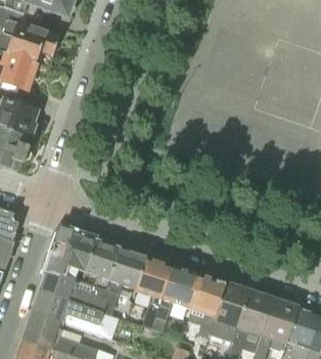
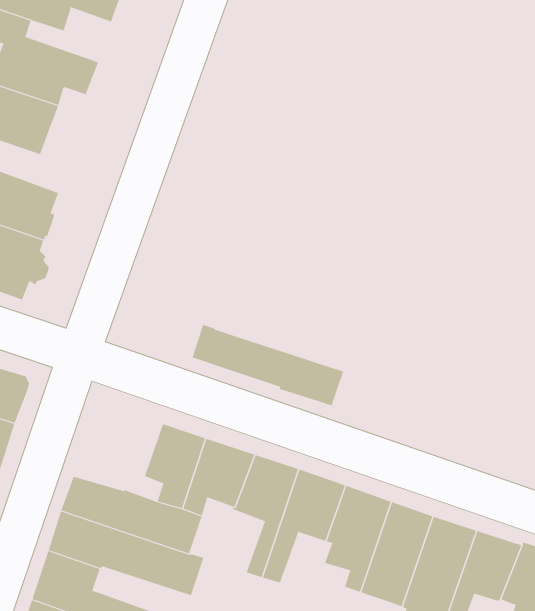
building: none -> [192,324,344,406]
building: [45,230,95,278] -> none

